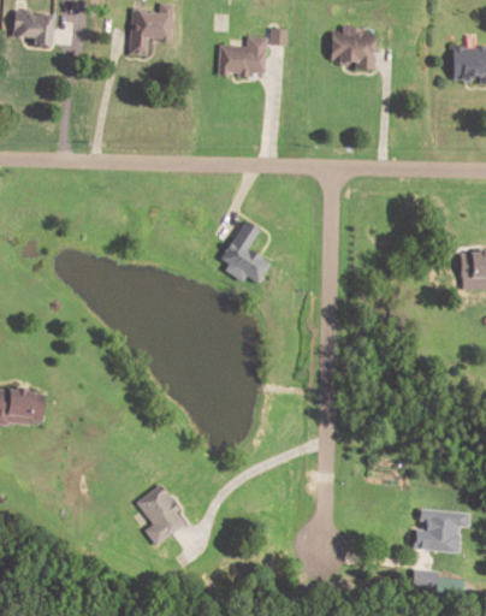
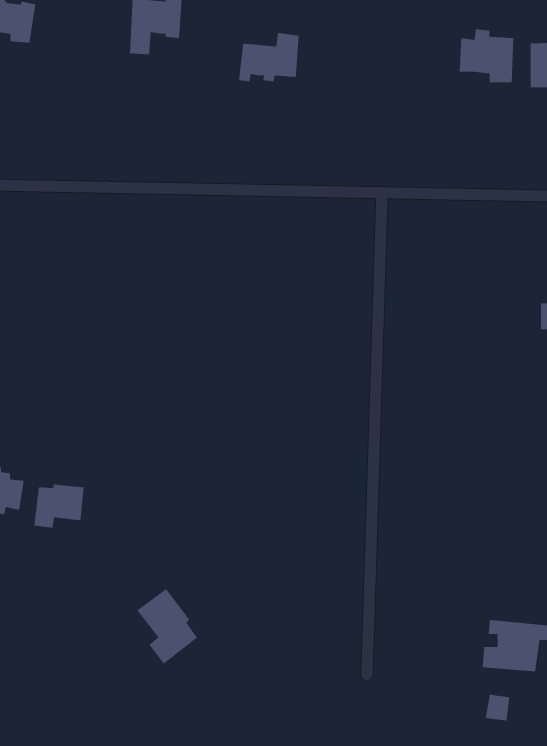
building: [330,24,374,67] -> [459,29,514,83]
building: [219,219,269,283] -> none
building: none -> [34,484,84,528]

